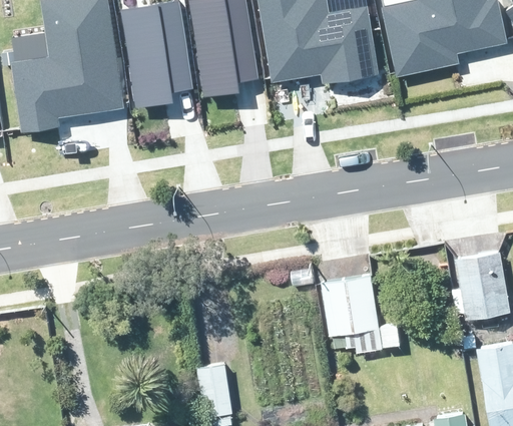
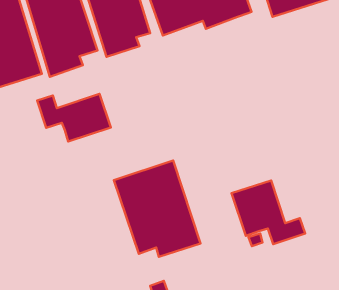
building: none -> [37,94,111,142]
building: none -> [114,161,201,257]

